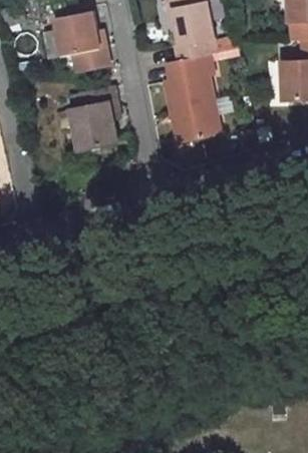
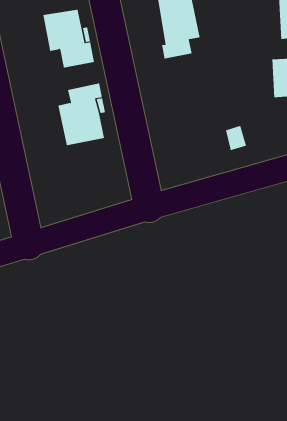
building: [162,55,217,145] -> none

